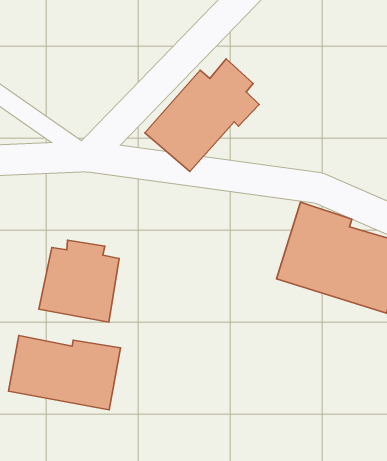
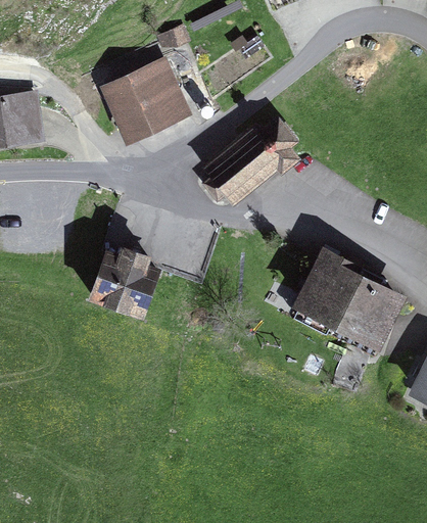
building: none -> [99,56,193,146]
building: [9,336,121,410] -> none

